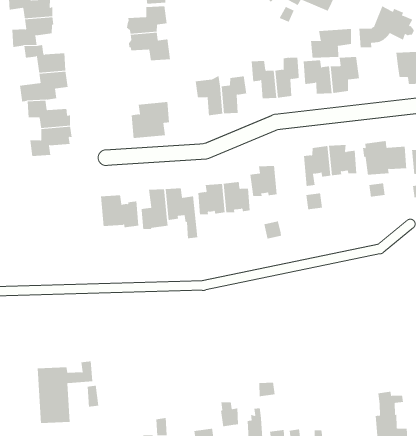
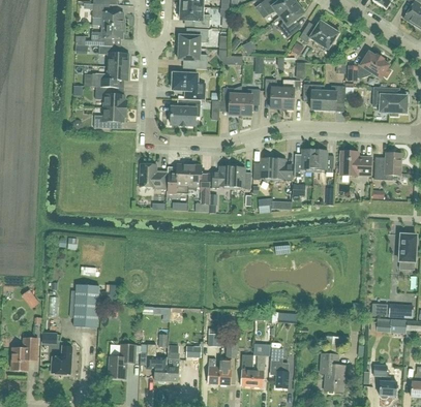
building: [310,28,352,58] -> none
building: none -> [170,72,205,98]
building: none -> [272,158,293,181]

